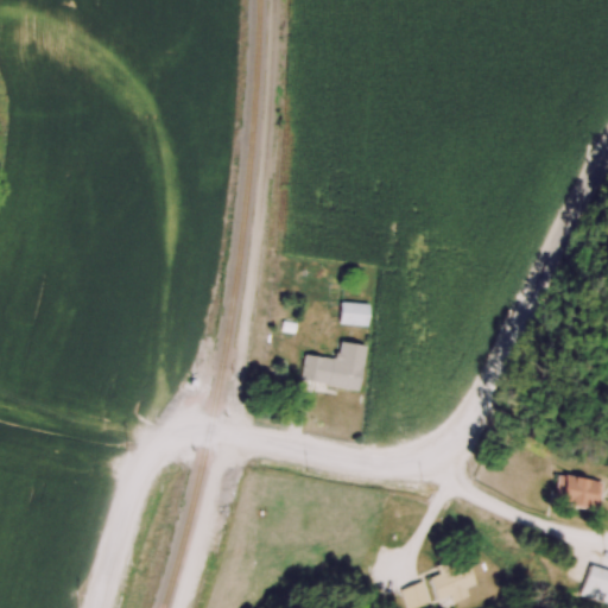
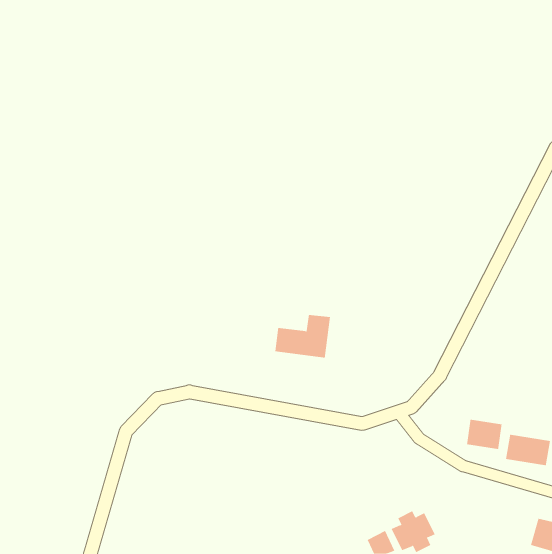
building: [341,304,369,325] -> none
building: none -> [466,419,502,450]

